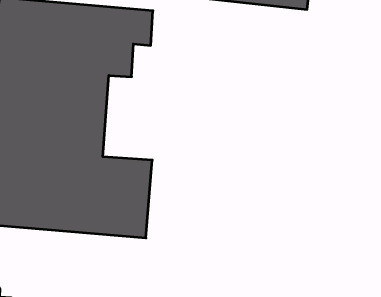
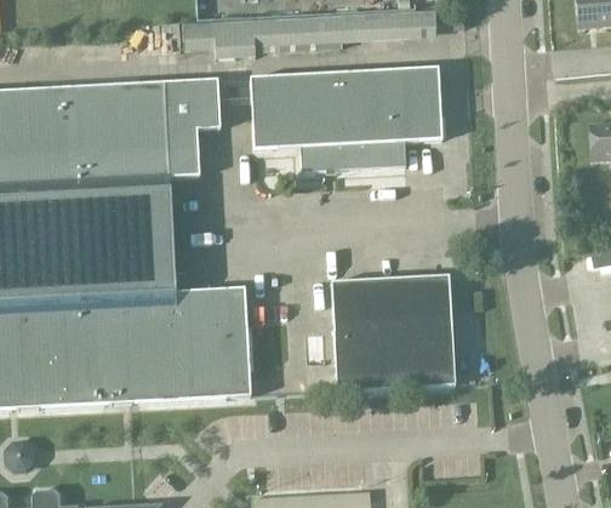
building: none -> [249,65,441,170]
building: none -> [330,272,453,388]

